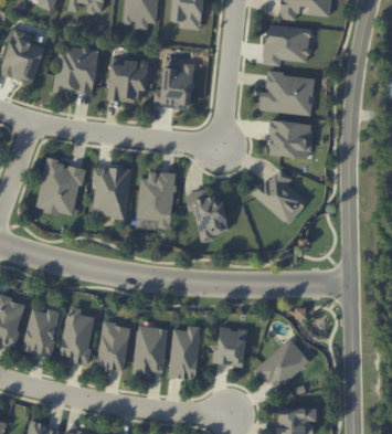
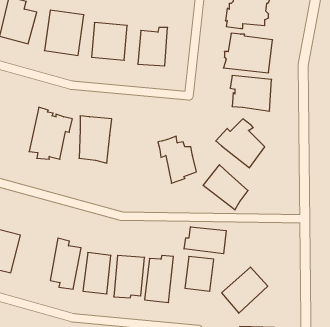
building: [135,171,176,229] -> none
building: none -> [203,165,248,210]
building: none -> [184,227,226,254]
building: [23,309,59,356] -> none

